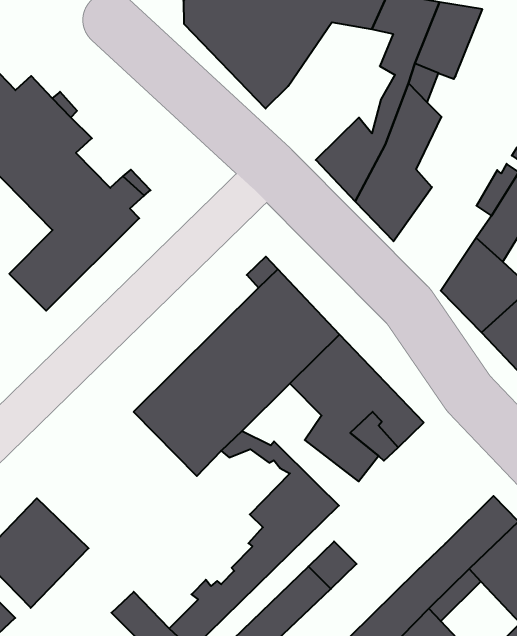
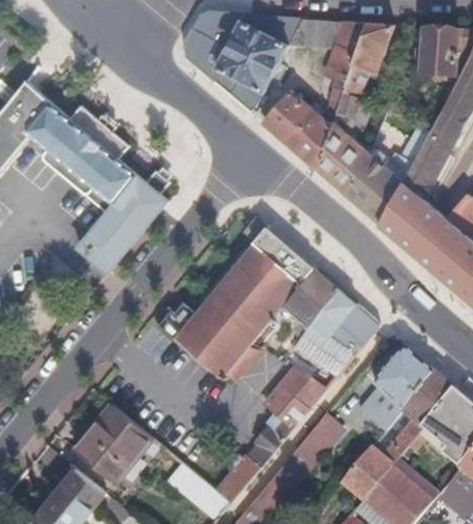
building: none -> [261,92,320,145]
building: none -> [347,156,410,230]
building: none -> [360,348,436,432]

